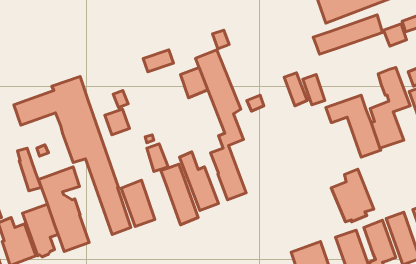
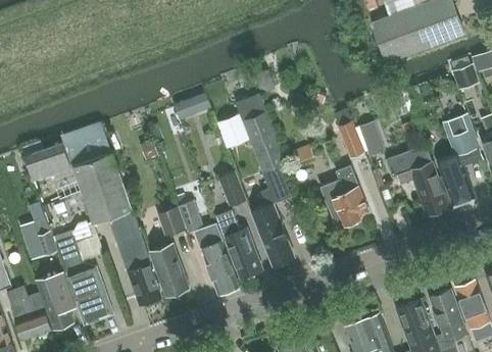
building: [313,15,383,54] -> none
building: [105,109,130,135] -> [156,207,185,237]
building: none -> [217,170,246,206]
building: [331,169,374,222] -> [319,166,368,227]

